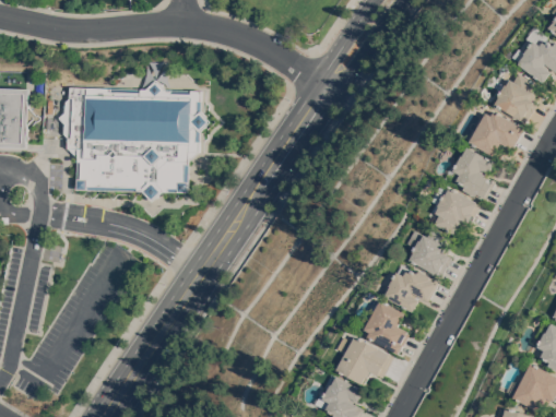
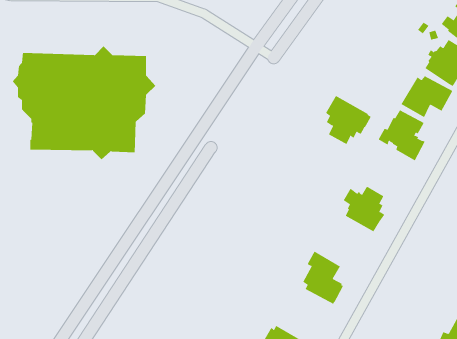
building: [431,183,481,236] -> [325,95,371,145]
building: [386,267,439,313] -> none
building: [336,337,393,386] -> none

